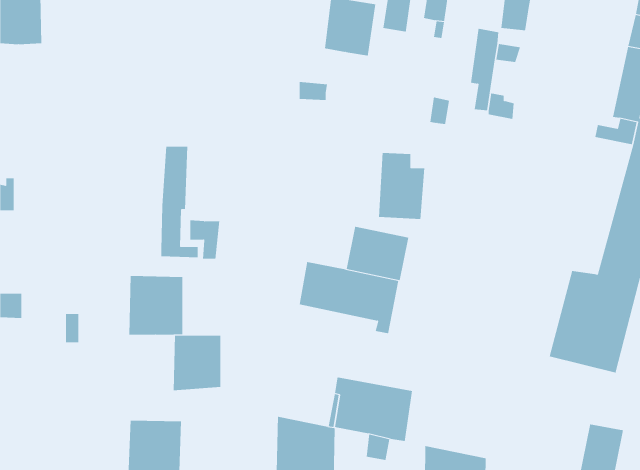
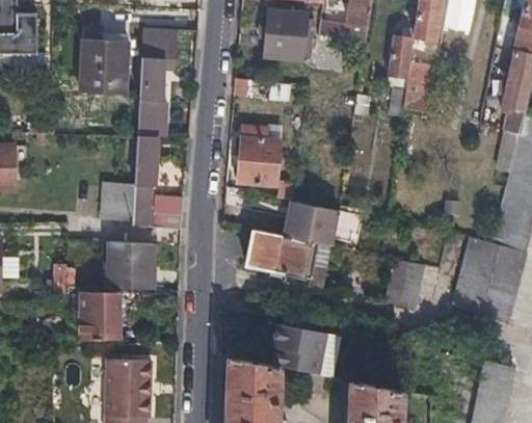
building: none -> [137,27,176,135]
building: none -> [79,35,128,92]
building: [378,152,425,220] -> [240,130,278,185]
building: none -> [102,183,134,220]
building: none -> [384,259,423,309]
building: [173,335,221,391] -> [81,295,121,341]

